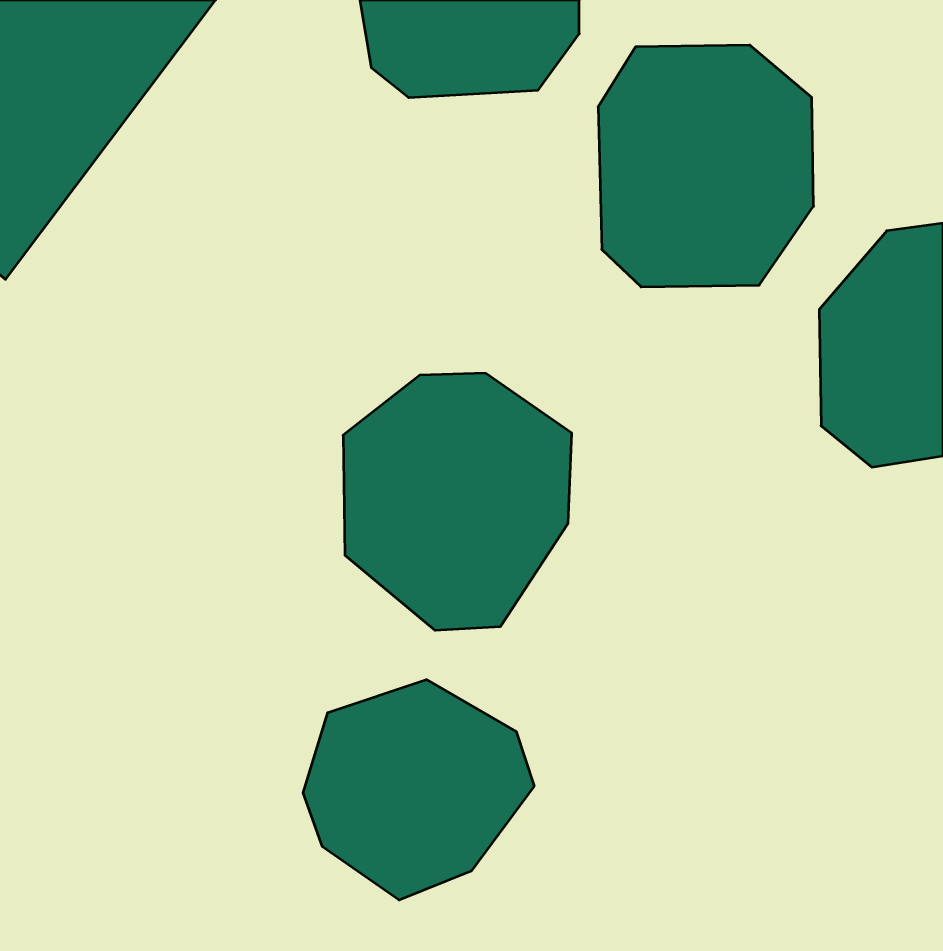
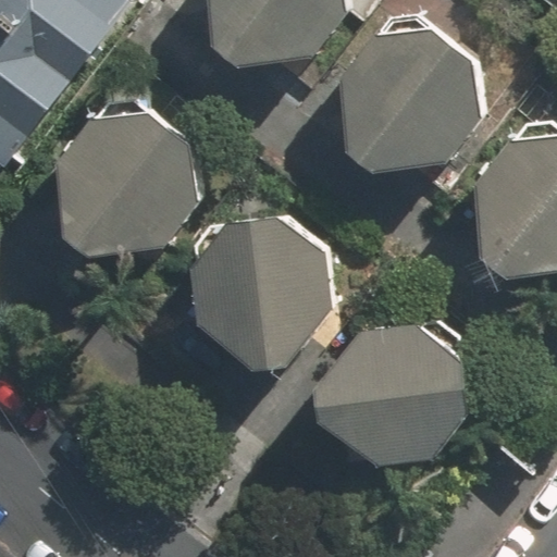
building: none -> [53,112,197,250]
building: none -> [317,324,467,468]
building: [303,680,534,900] -> none

